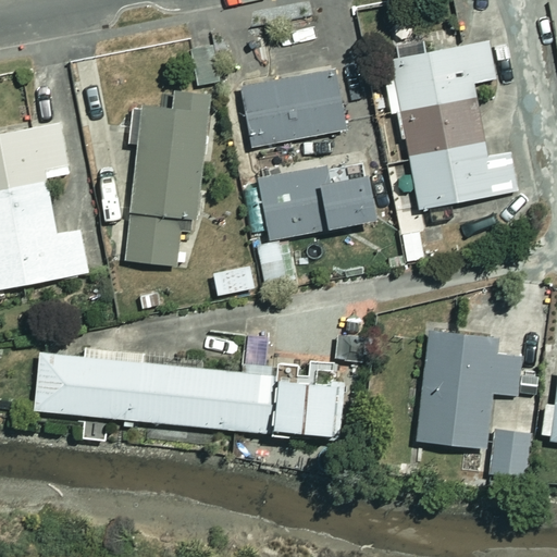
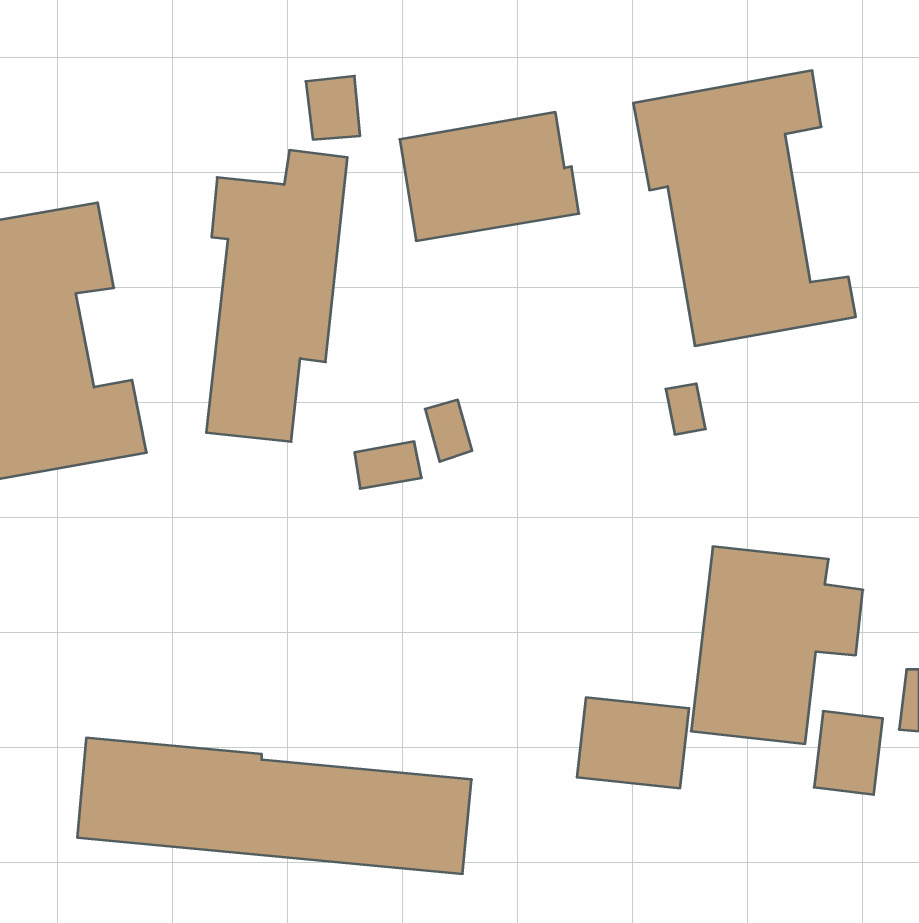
building: [258,161,379,238] -> none
building: [35,350,272,432] -> [77,738,472,874]
building: [276,382,344,436] -> [577,698,689,788]

